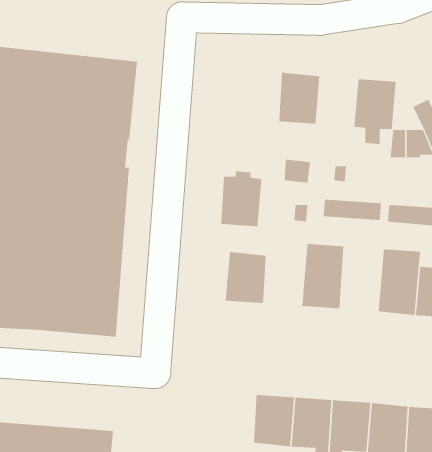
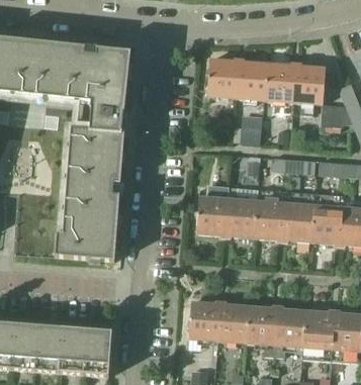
building: none -> [207,58,239,97]
building: none -> [265,63,296,101]
building: [220,171,262,227] -> [225,194,257,236]
building: none -> [283,191,315,240]
building: none -> [188,300,219,340]

